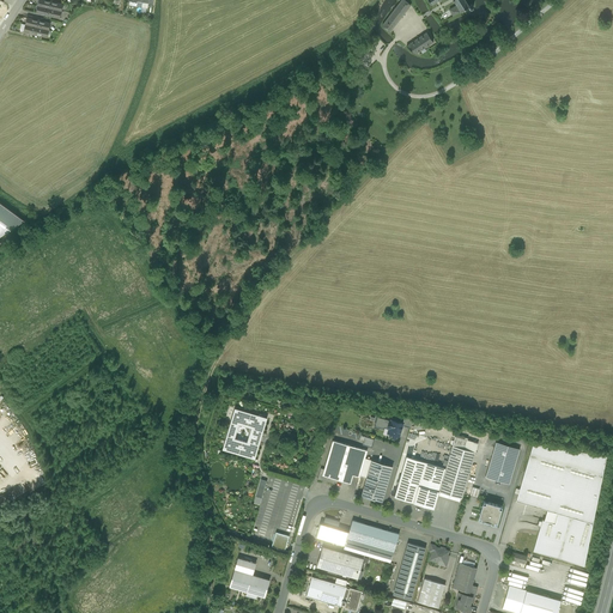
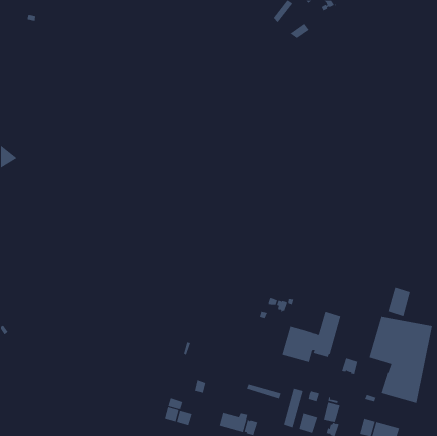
building: [223,408,267,460] -> none
building: [317,441,368,485] -> none
building: [486,443,518,485] -> [388,287,411,317]
building: [362,461,393,502] -> none
building: [347,521,399,552] -> none
building: [317,547,363,579] -> none

